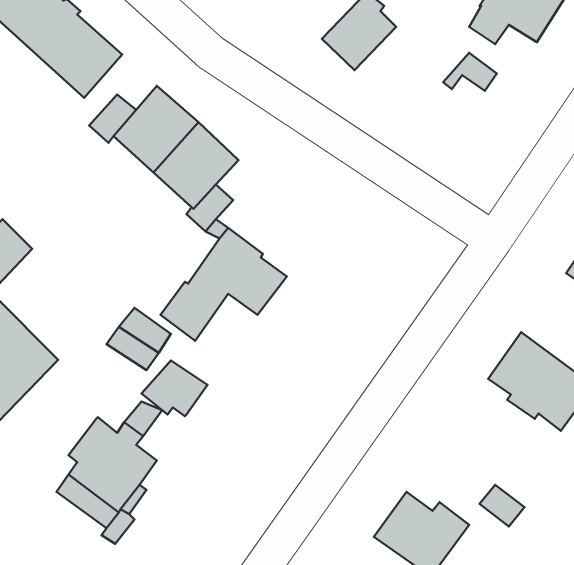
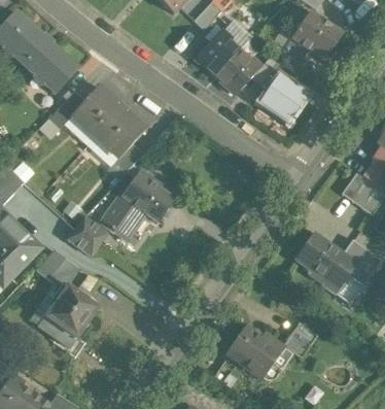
building: none -> [215,50,261,95]
building: none -> [264,79,304,118]
building: [141,361,207,416] -> [36,250,75,283]

